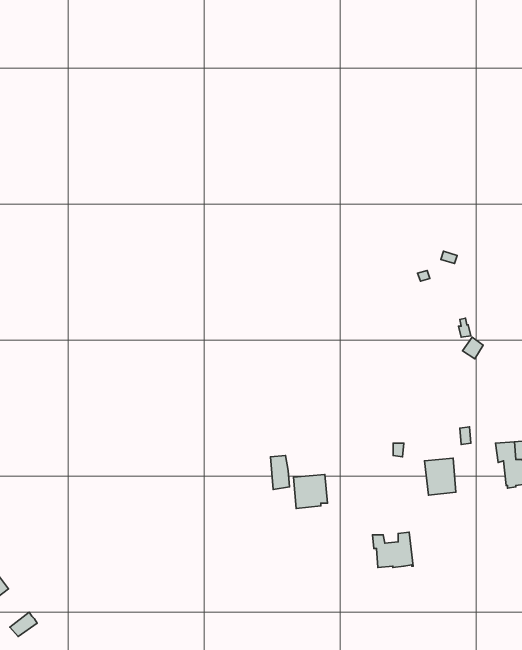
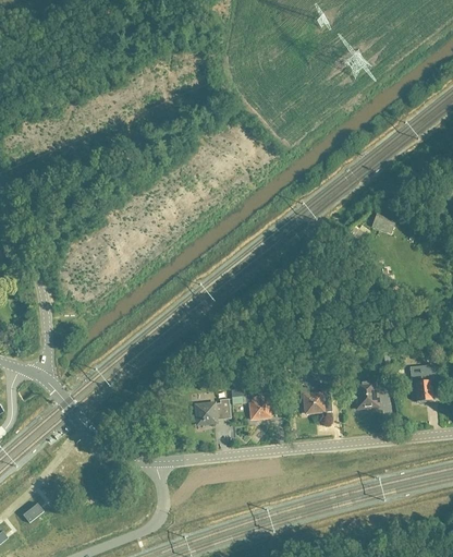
building: none -> [195,399,230,425]
building: [372,532,413,568] -> [299,385,332,413]

